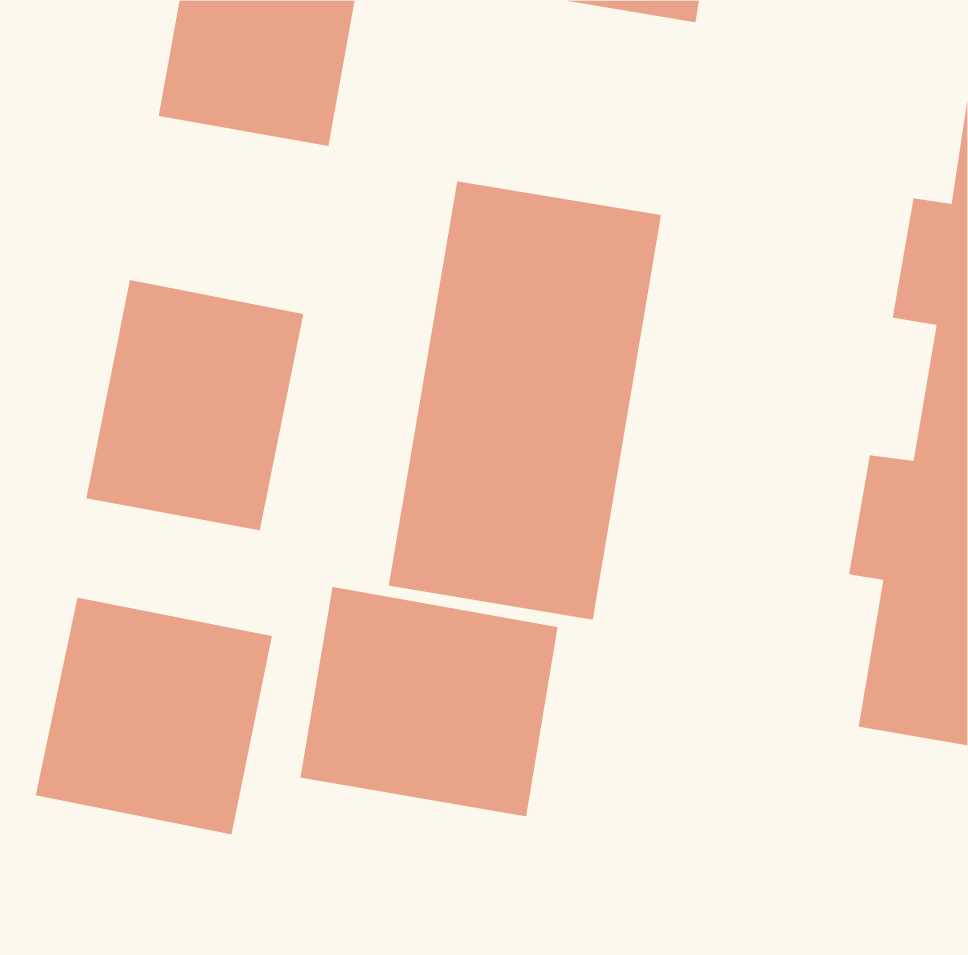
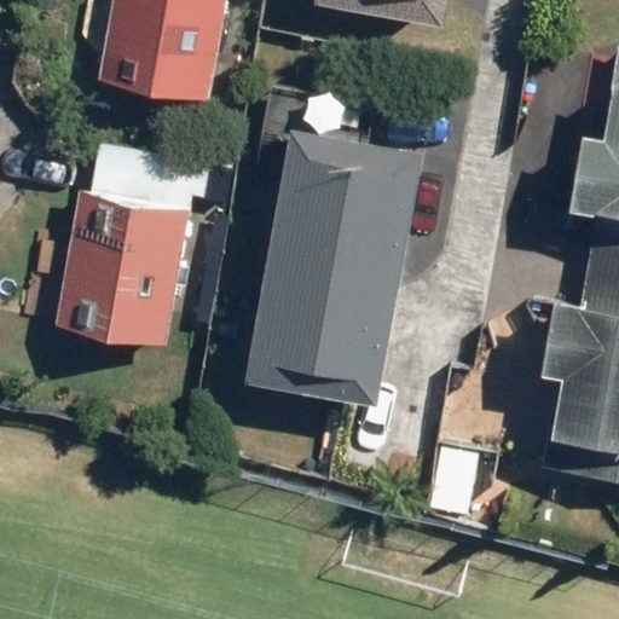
building: [300,586,558,817] -> none
building: [35,597,272,835] -> none

